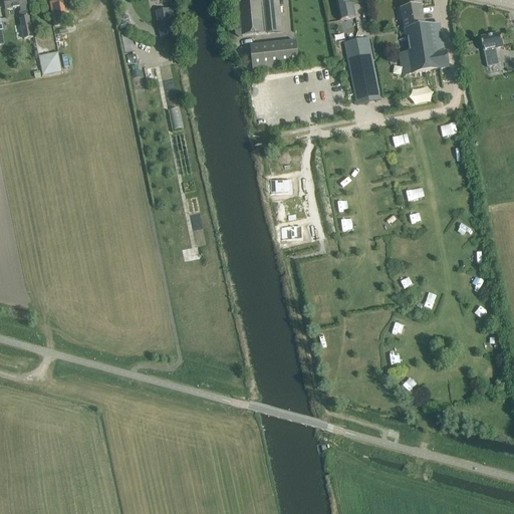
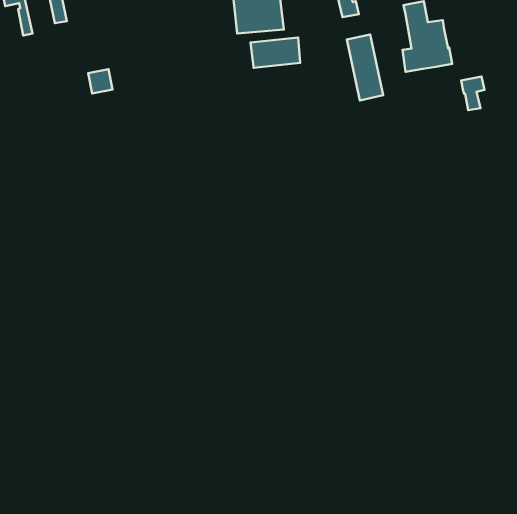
building: [155,5,174,33] -> none
building: [479,30,502,63] -> [461,77,485,110]
building: [37,48,61,72] -> [88,69,112,93]

